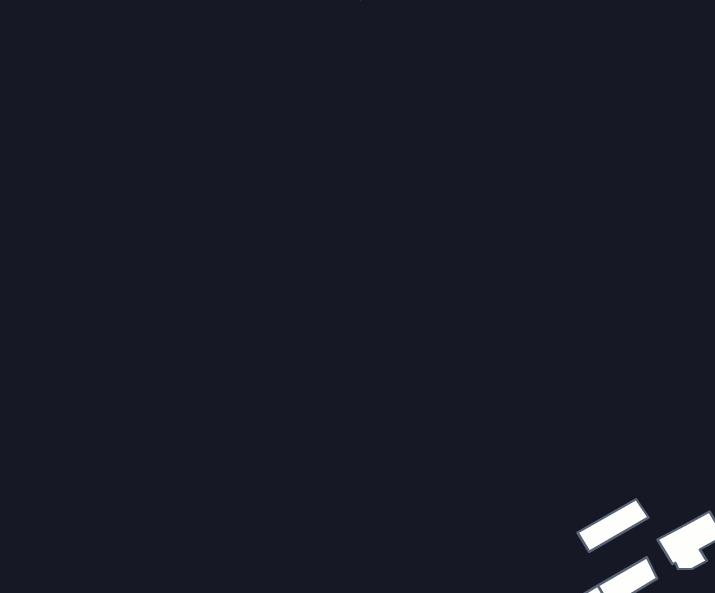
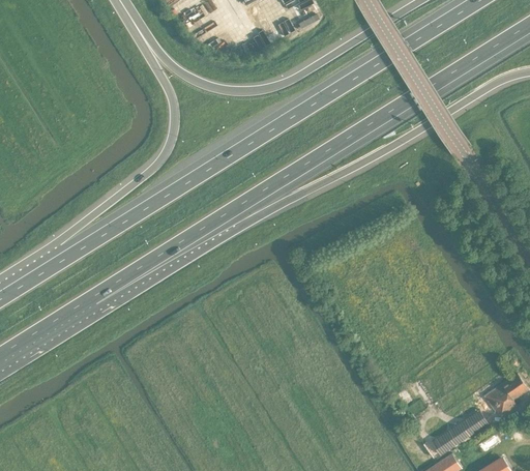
building: [578,499,649,552] -> none

